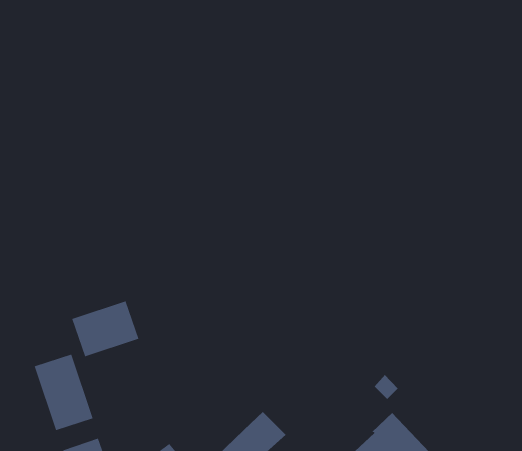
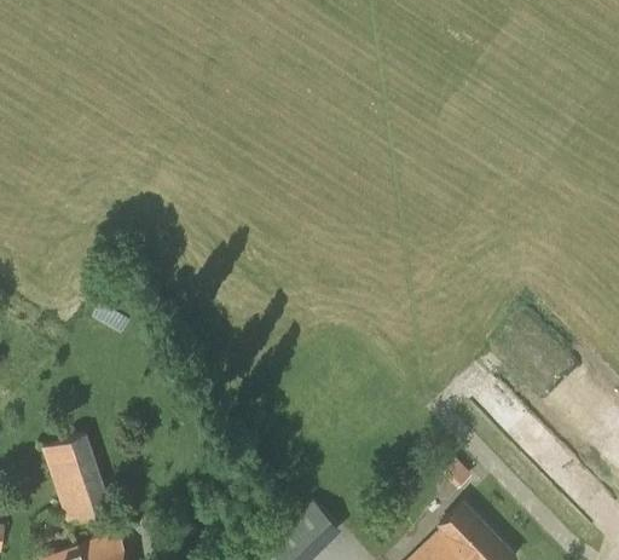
building: [72,300,139,357] -> none

